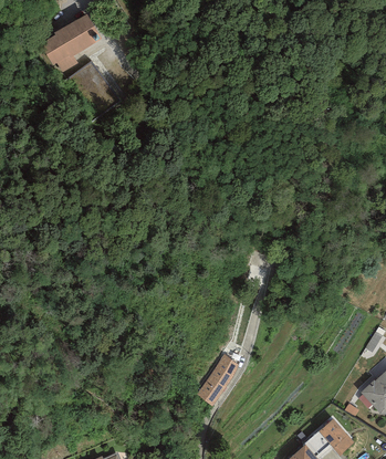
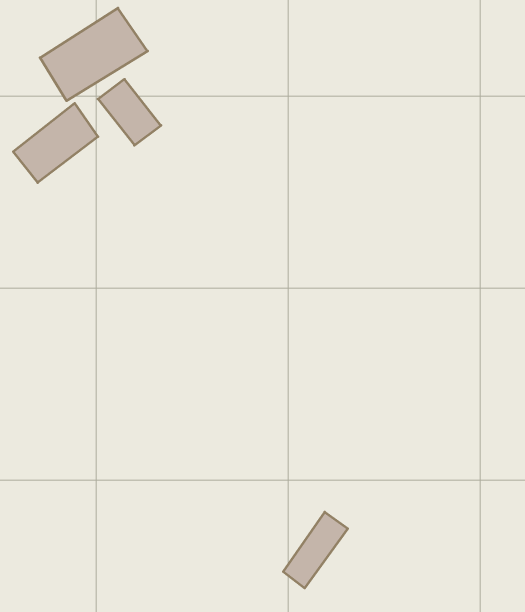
building: none -> [13,103,98,183]

